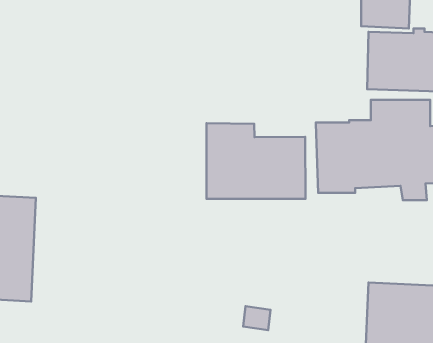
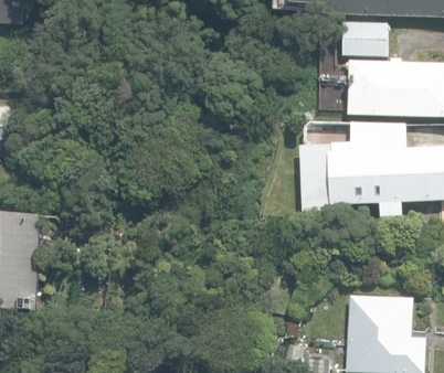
building: [206,123,306,199] -> none

